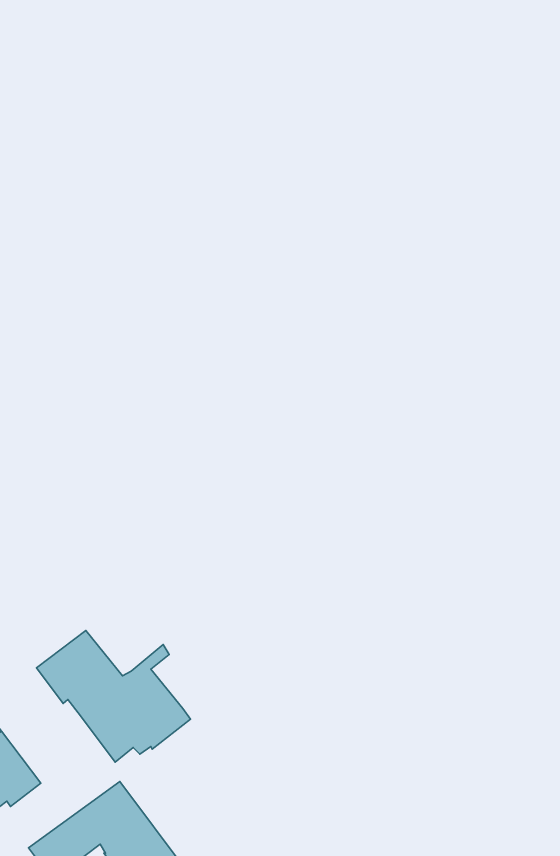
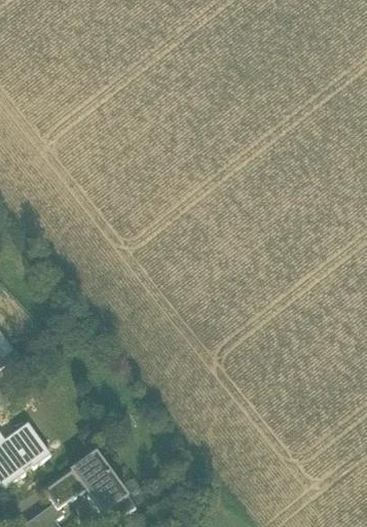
building: [36,631,191,762] -> none

